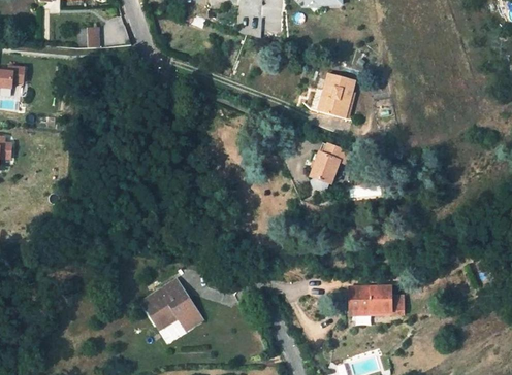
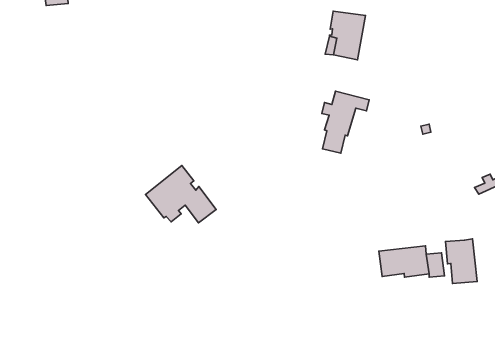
building: [140,278,201,330] -> [145,166,216,223]
building: none -> [446,239,477,284]

